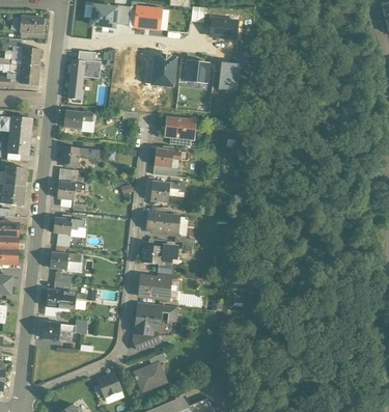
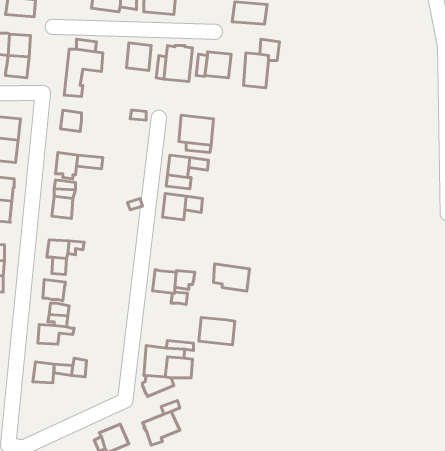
building: [146,212,176,235] -> [213,264,249,291]
building: [139,275,169,298] -> [199,317,235,345]

